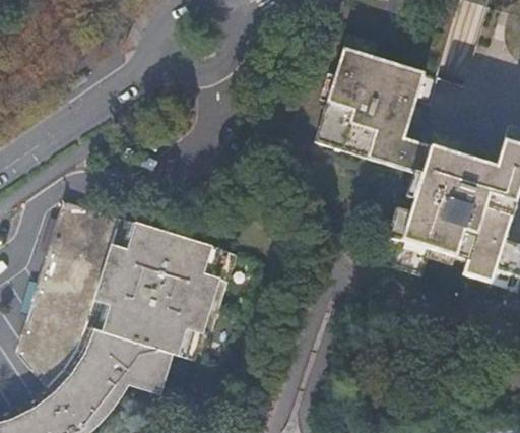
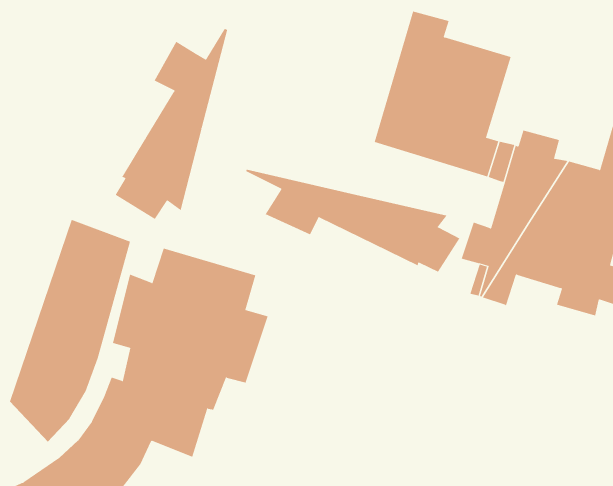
building: none -> [115,28,228,220]
building: none -> [246,169,460,273]

